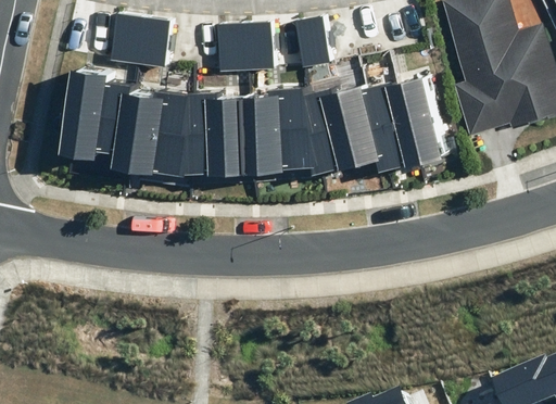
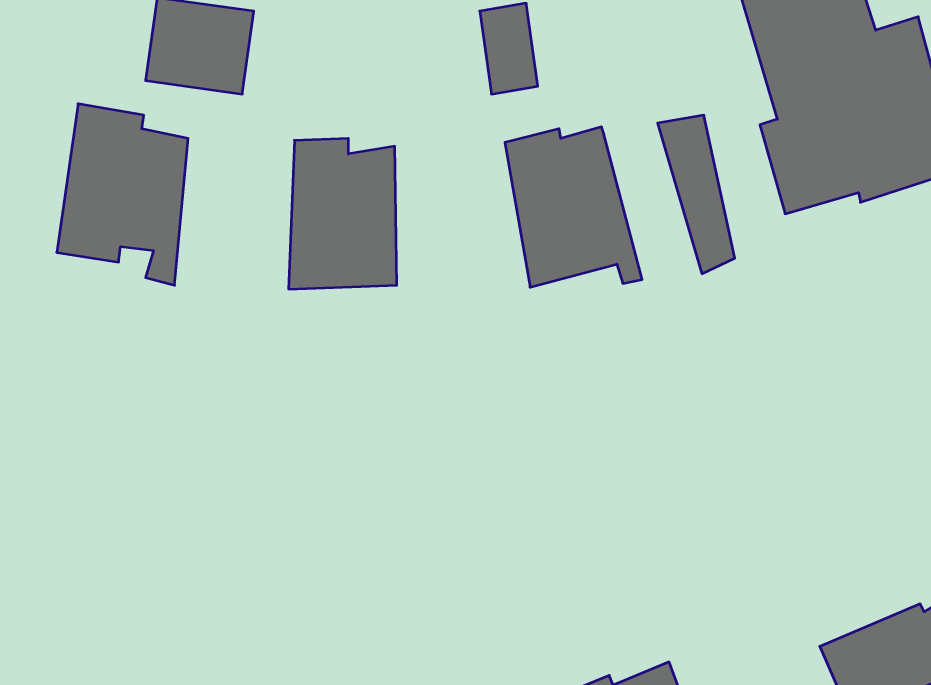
building: [216,21,274,72] -> none
building: [367,83,422,171] -> none
building: [250,87,326,175] -> none
building: [126,90,193,176] -> none

